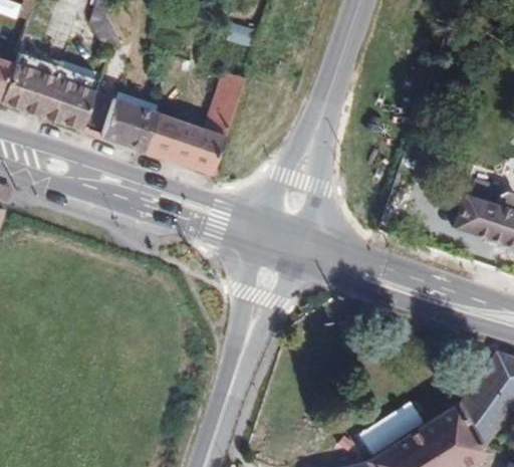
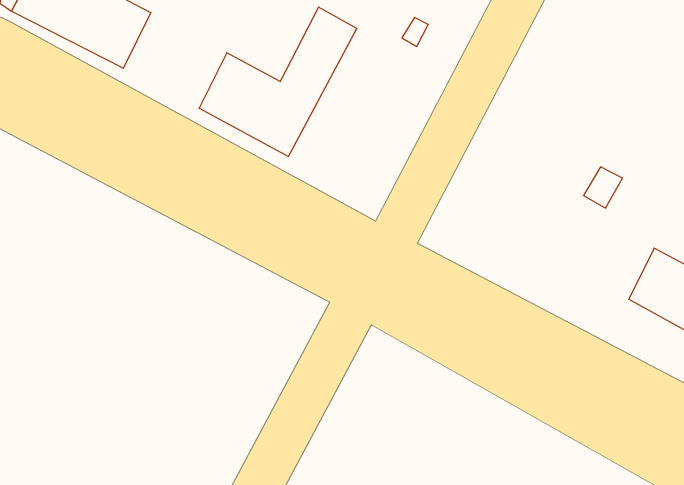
building: [90,90,158,149] -> none

